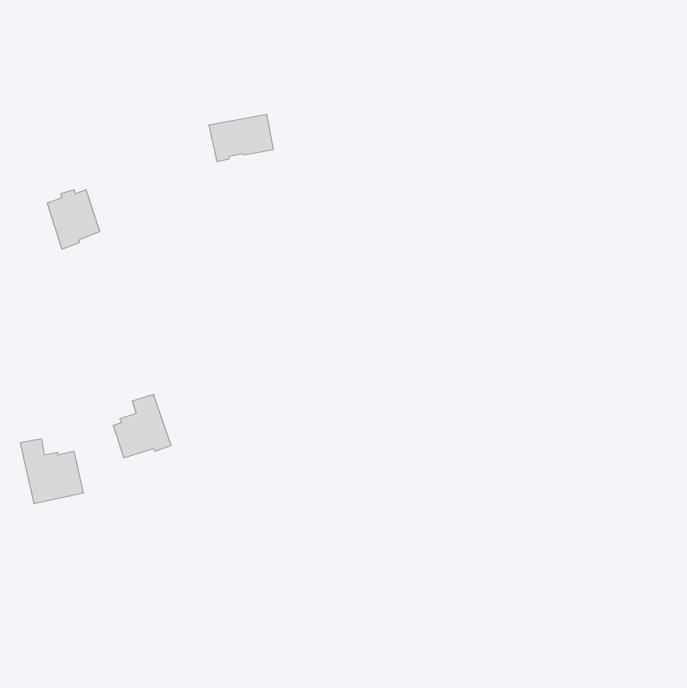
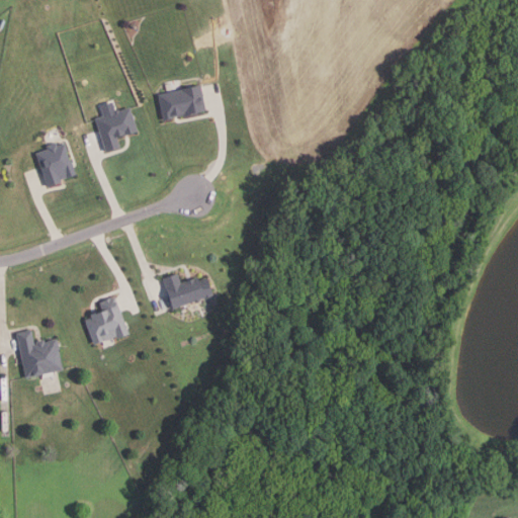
building: none -> [94,107,137,152]
building: none -> [162,273,213,309]

